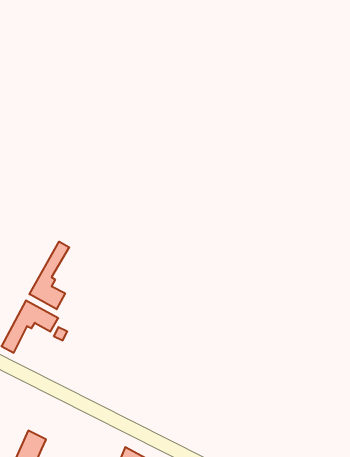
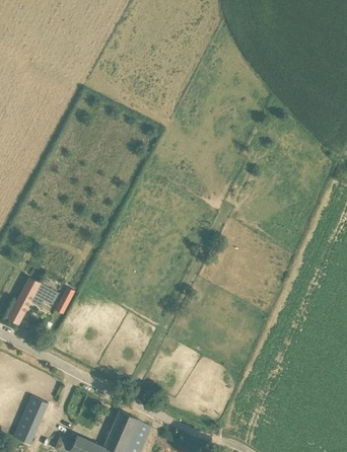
building: [29,242,69,309] -> none

